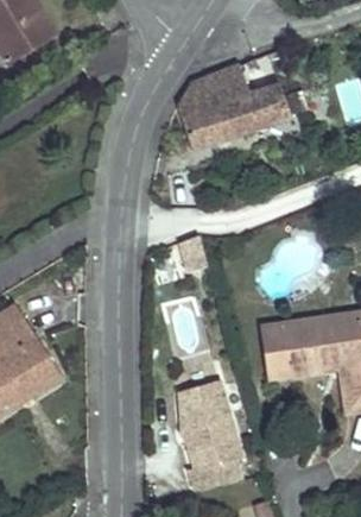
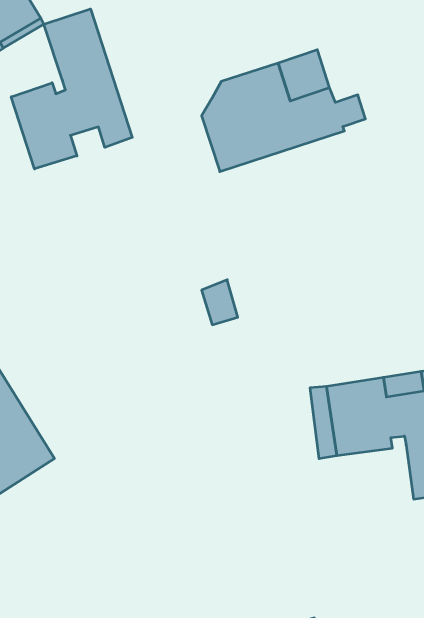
building: none -> [11,9,132,169]
building: [179,379,243,491] -> none

